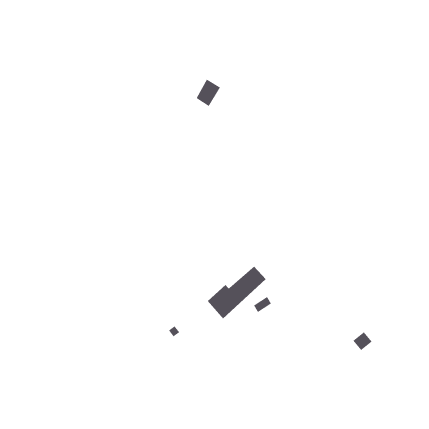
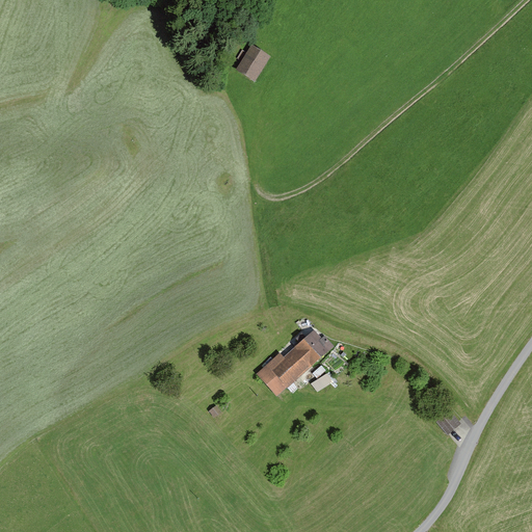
building: [196,79,221,107] -> [238,49,269,83]

